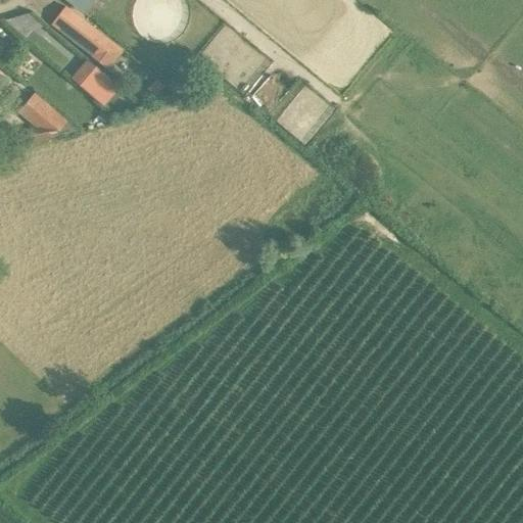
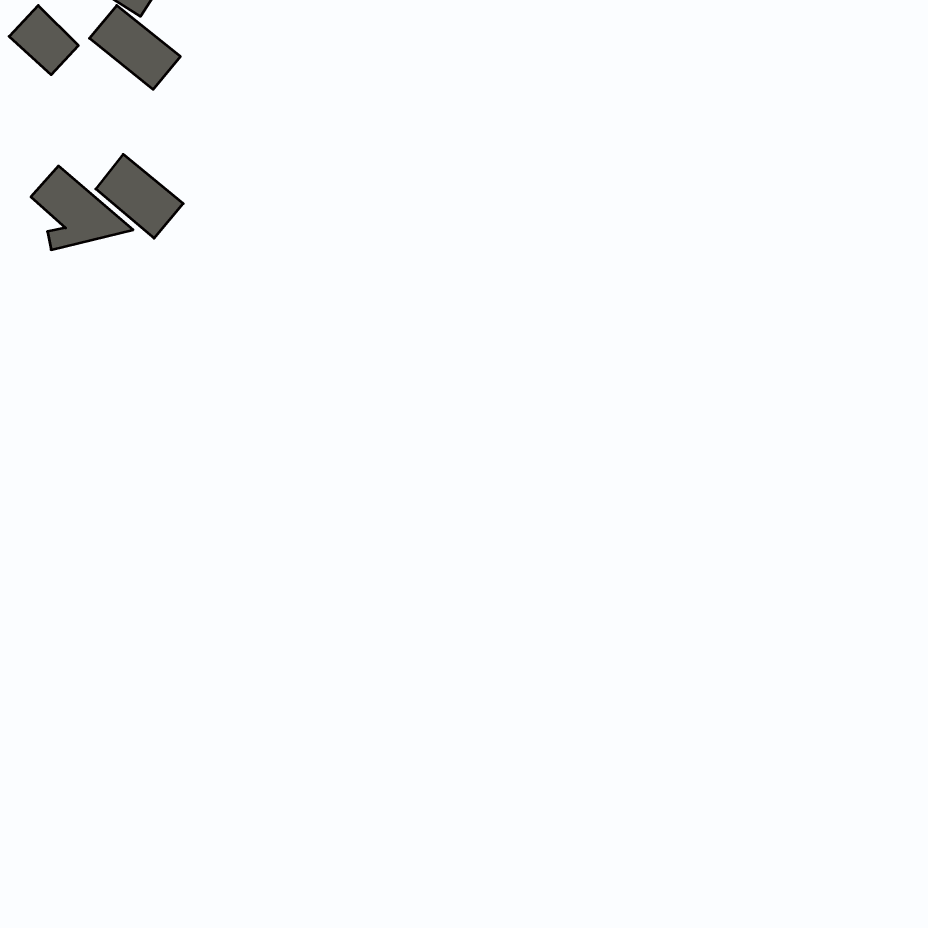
building: [88,34,122,67] -> none
building: [68,57,117,104] -> [96,154,183,238]

